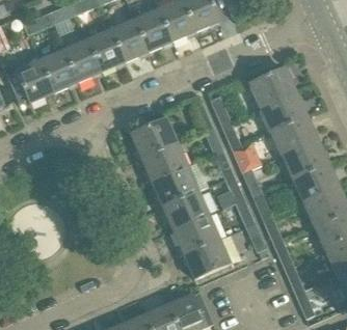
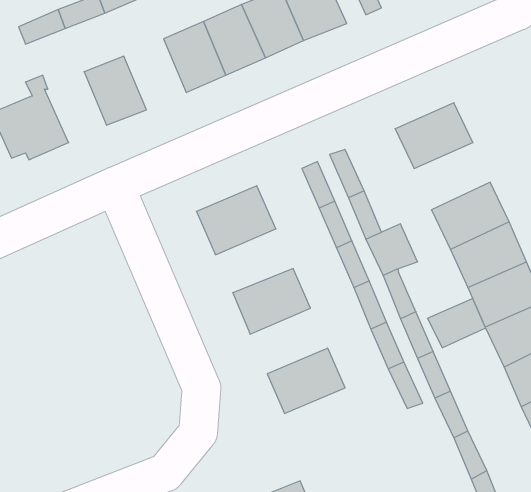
building: [86,30,124,73] -> none
building: [38,50,76,92] -> none
building: [261,92,306,133] -> none
building: [141,144,188,183] -> none
building: none -> [427,298,485,348]
building: [162,192,209,231] -> none
building: [183,240,230,279] -> none

